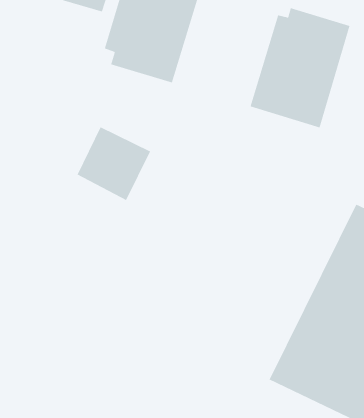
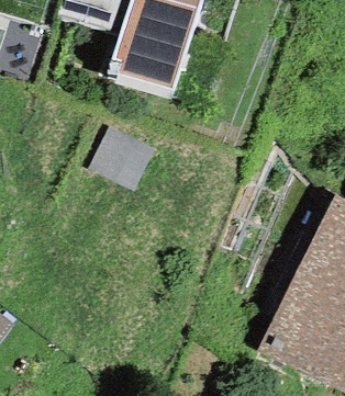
building: [250,7,350,129] -> none

